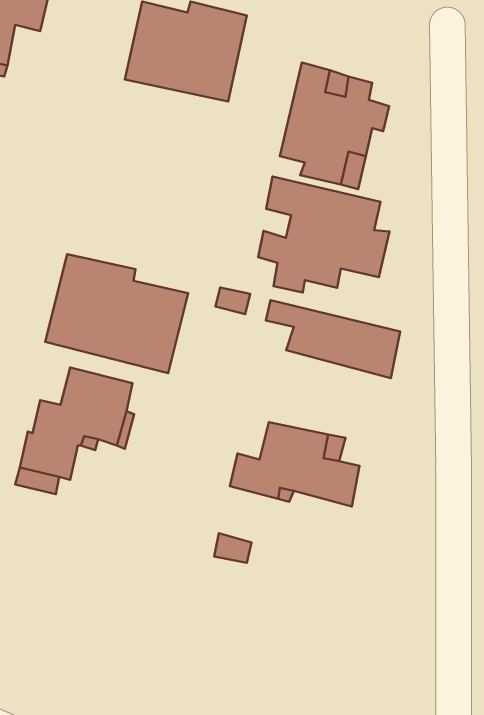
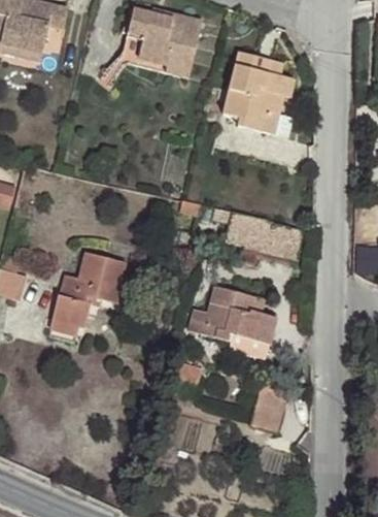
building: [258,177,390,293] -> none
building: [45,254,188,373] -> none
building: none -> [252,382,288,431]

